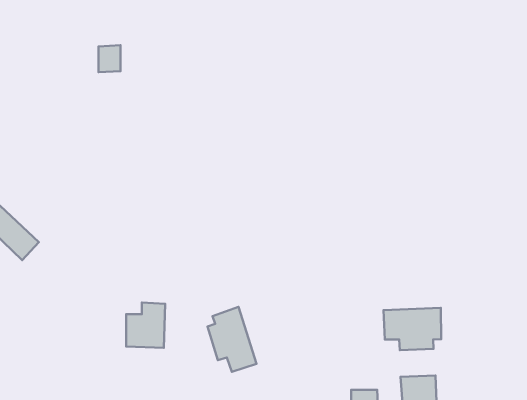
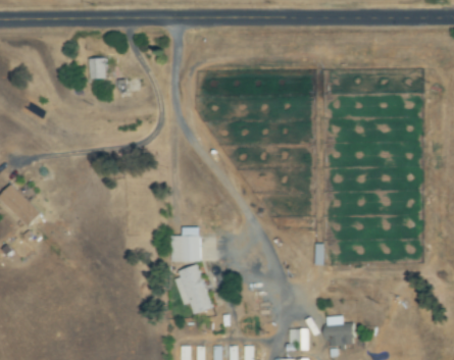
building: [126,302,165,348] -> [170,227,201,263]
building: [384,308,441,350] -> none

